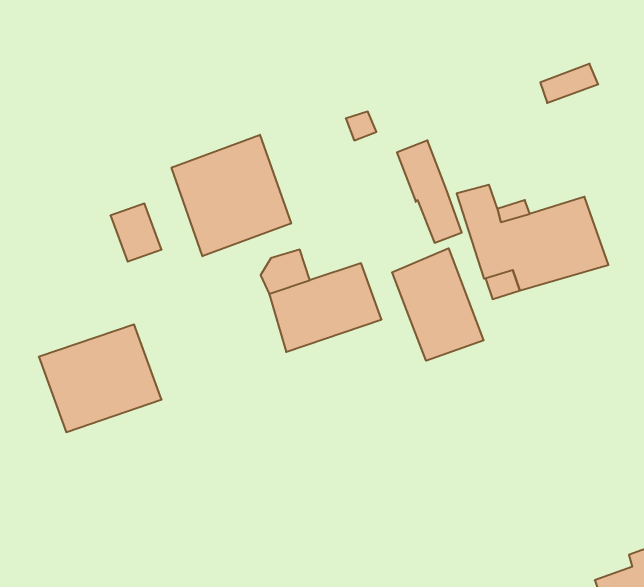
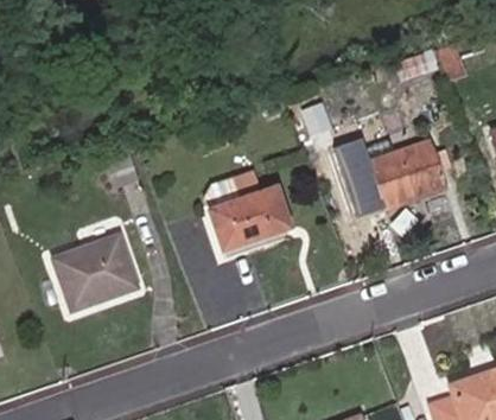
building: [172,135,291,256] -> none
building: [392,248,484,361] -> none

